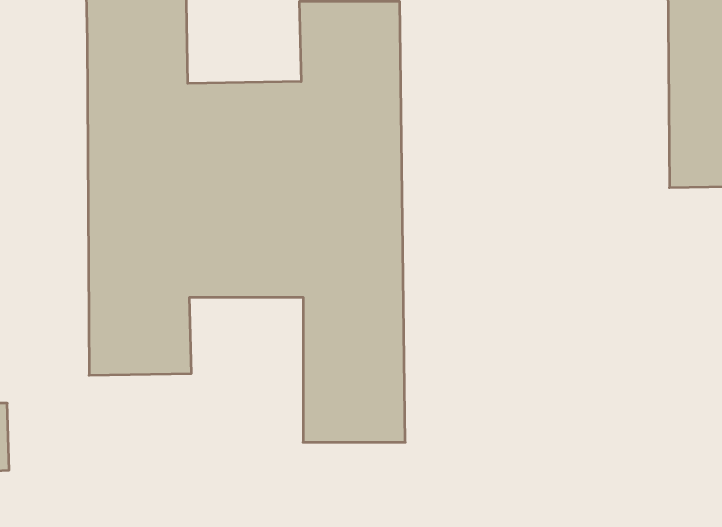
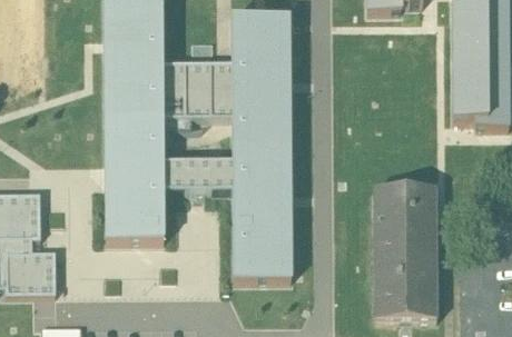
building: none -> [372,181,436,314]

